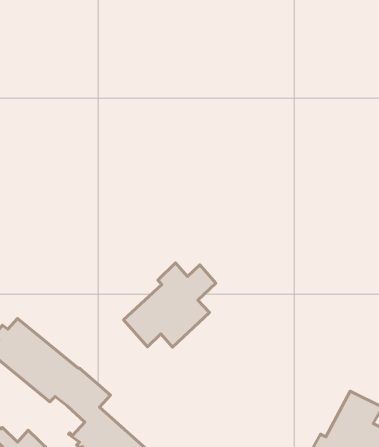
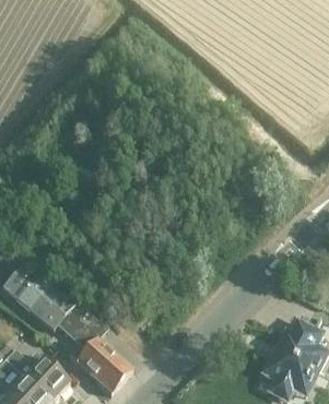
building: [124,263,216,347] -> none

